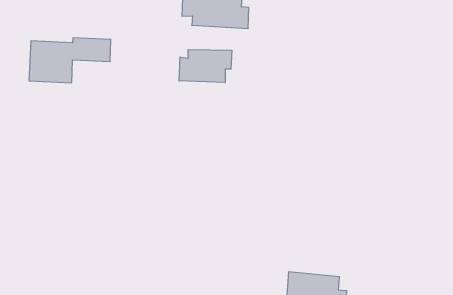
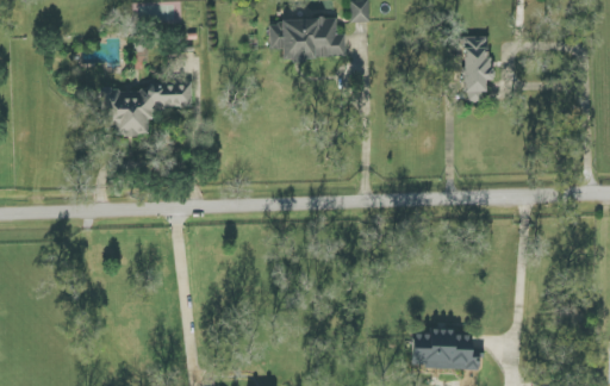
building: none -> [463,37,492,101]
building: [179,50,232,83] -> none

